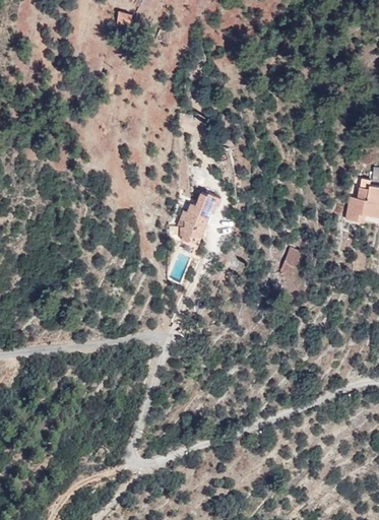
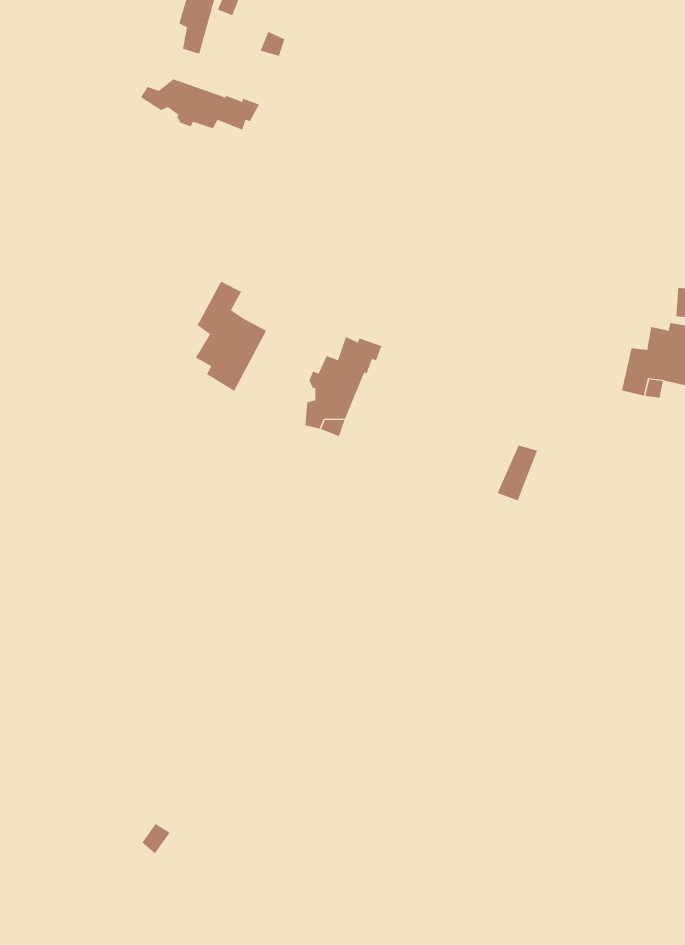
building: none -> [140,78,260,131]
building: none -> [195,281,267,392]

